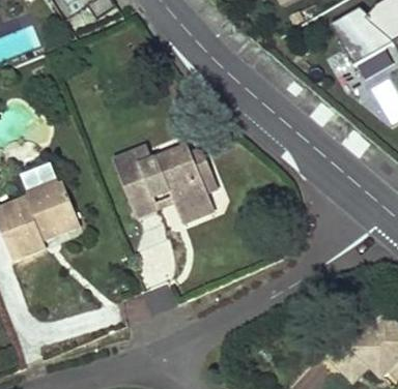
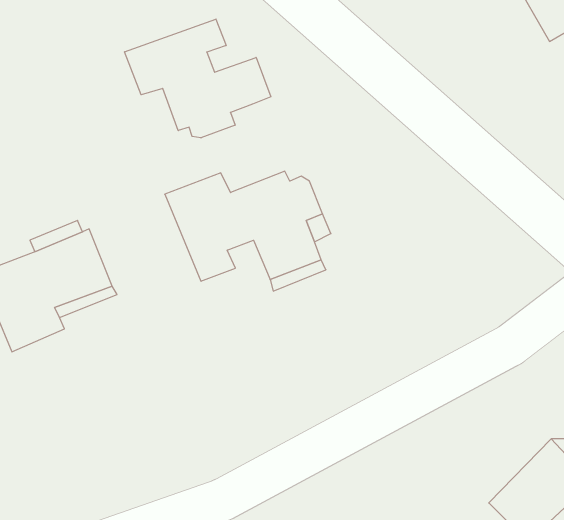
building: none -> [125,19,271,138]

